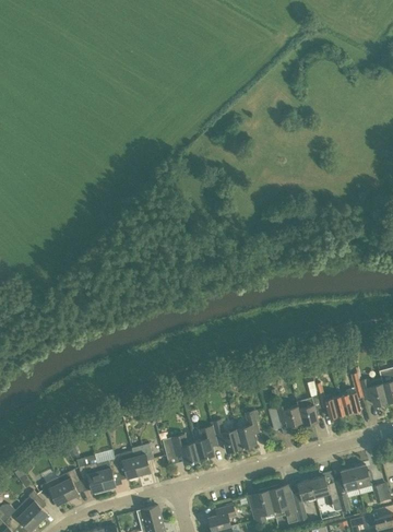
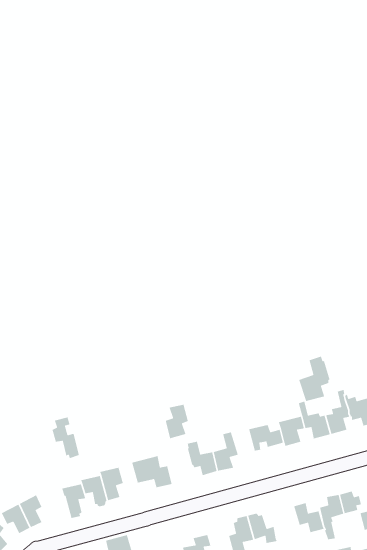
building: none -> [298,355,330,402]
building: [194,427,216,461] -> [165,404,189,440]
building: [79,457,105,496] -> [52,417,80,459]
building: [291,481,315,511] -> none

